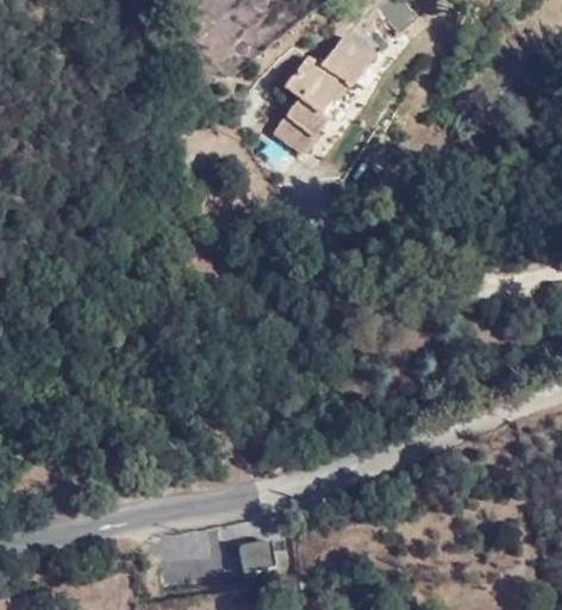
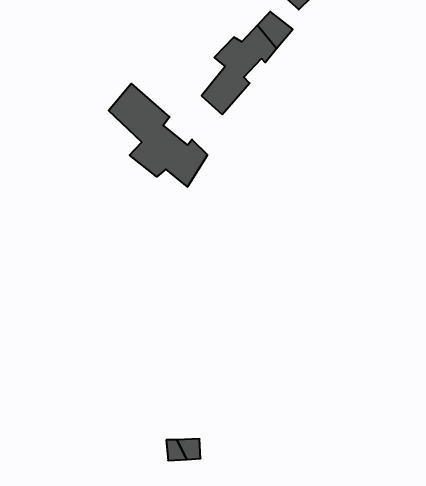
building: none -> [109,84,207,187]

